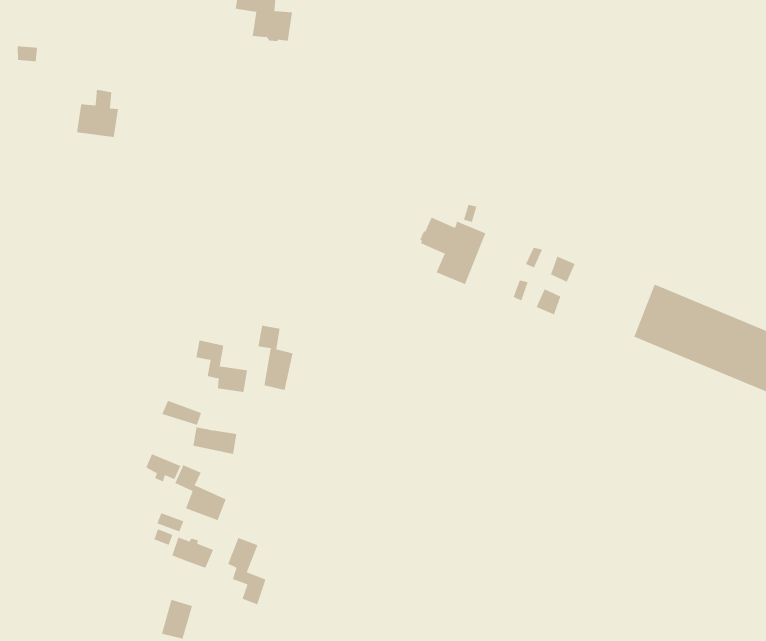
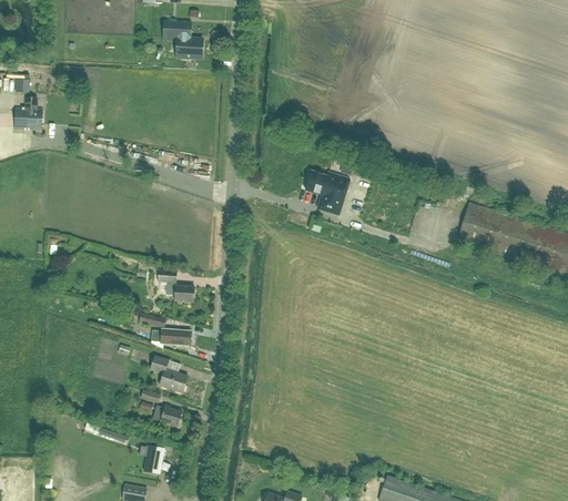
building: [76,89,119,138] -> [13,98,41,130]
building: [258,325,293,391] -> none
building: [227,537,266,605] -> none

